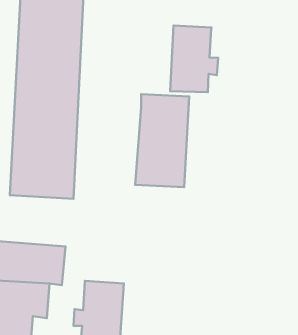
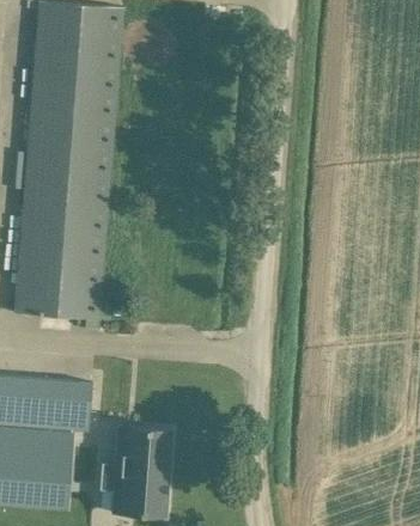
building: [170,25,218,92] -> none
building: [135,94,189,187] -> none

